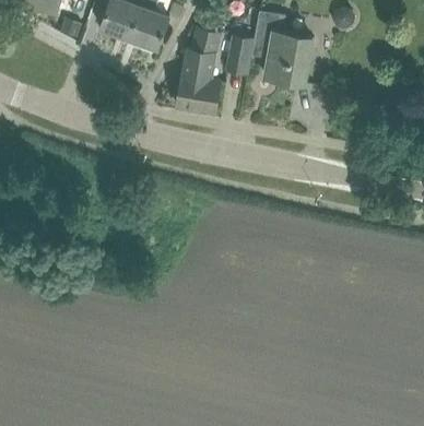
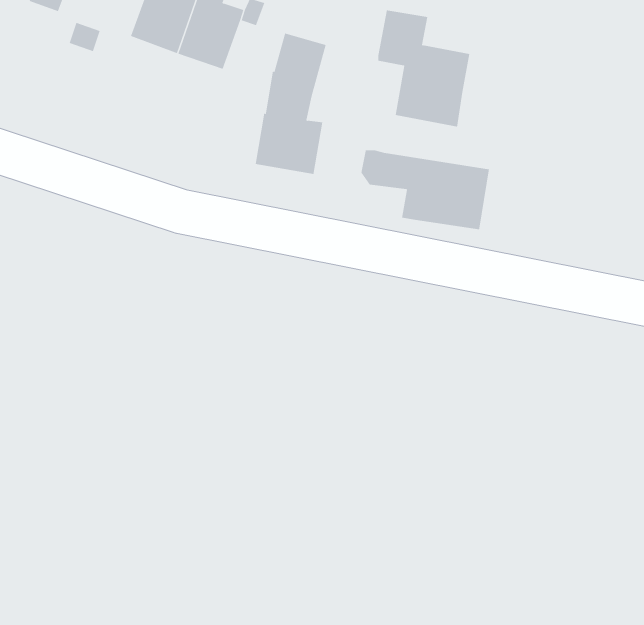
building: [225,38,252,76] -> none
building: none -> [361,150,490,230]

